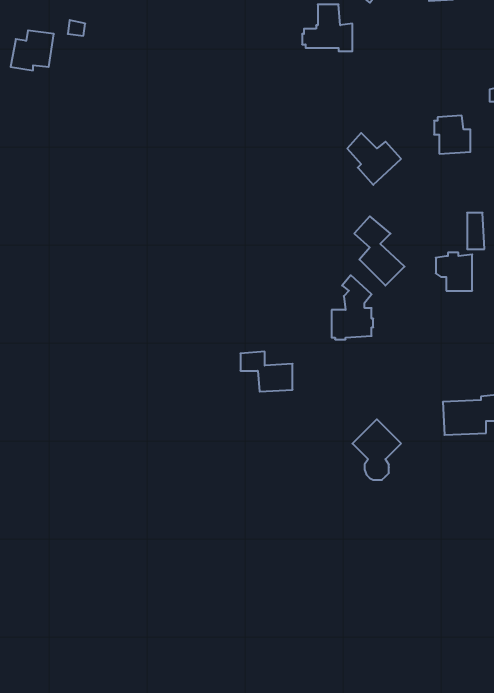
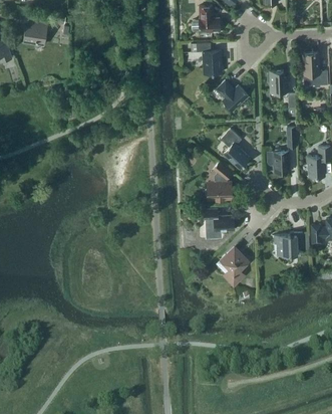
building: none -> [191,43,222,74]
building: [240,352,293,392] -> [204,208,234,231]

